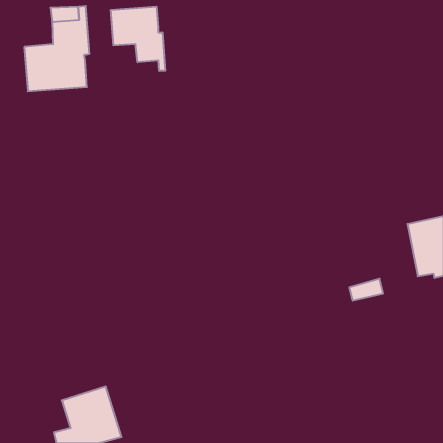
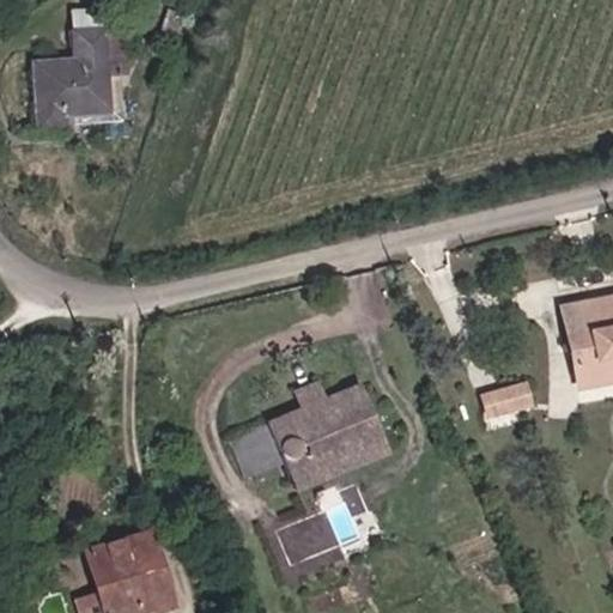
building: [111,7,165,71] -> none
building: none -> [230,383,384,490]

